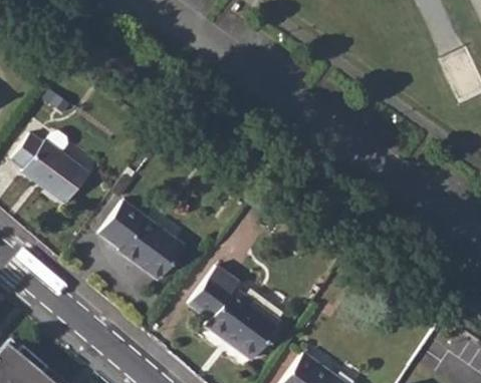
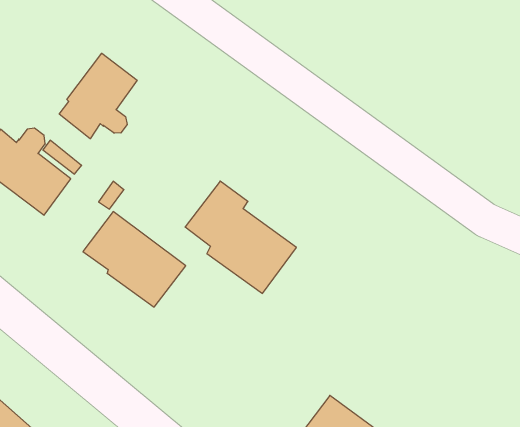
building: none -> [59,53,137,139]
building: [188,266,280,359] -> [185,181,296,293]

